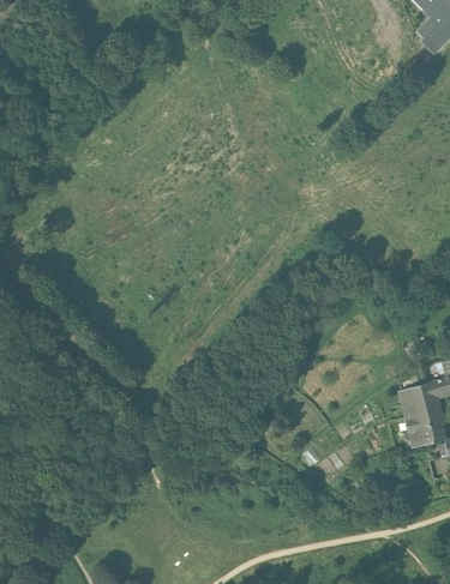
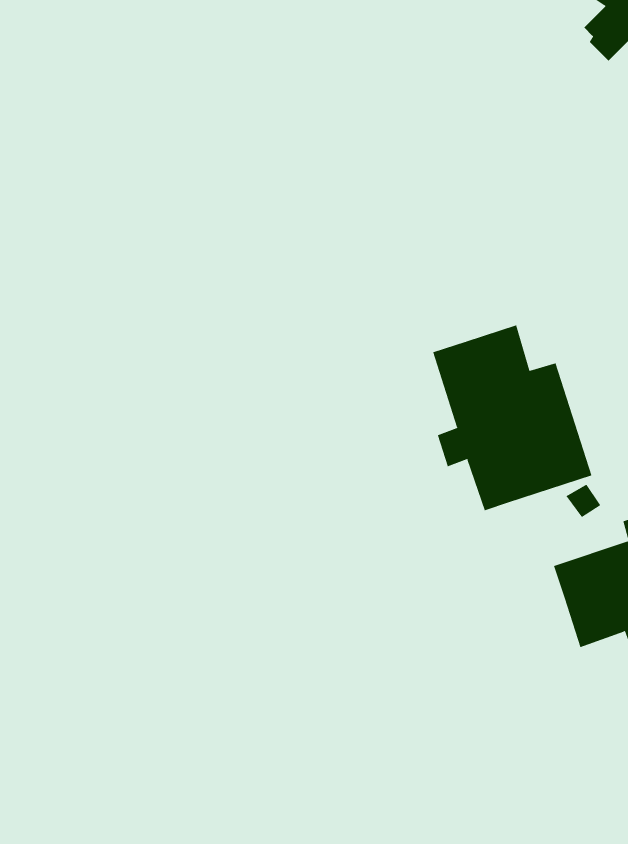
building: none -> [433,324,592,511]

